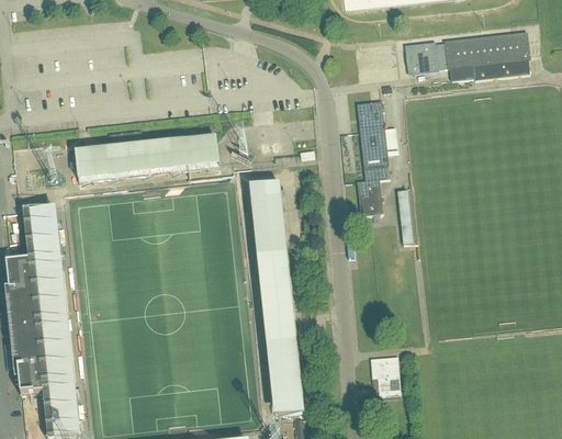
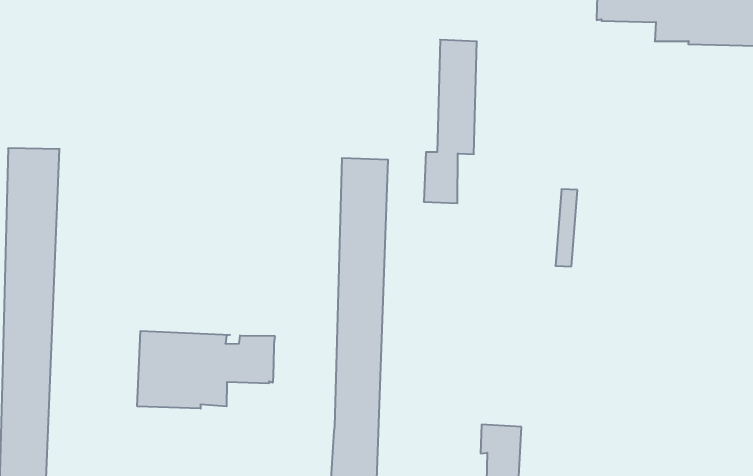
building: [355,98,389,212] -> [424,40,477,203]
building: [72,135,218,183] -> none
building: none -> [137,331,275,409]

